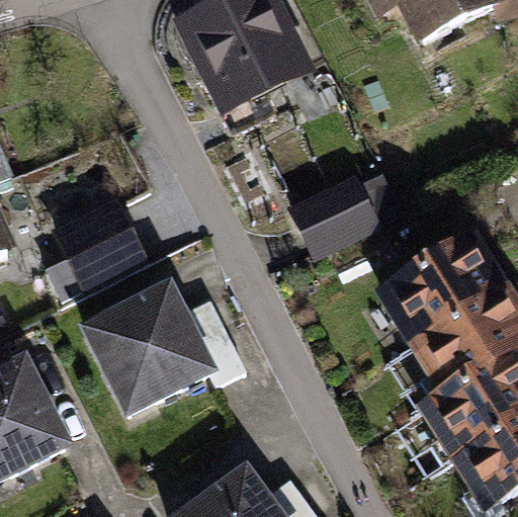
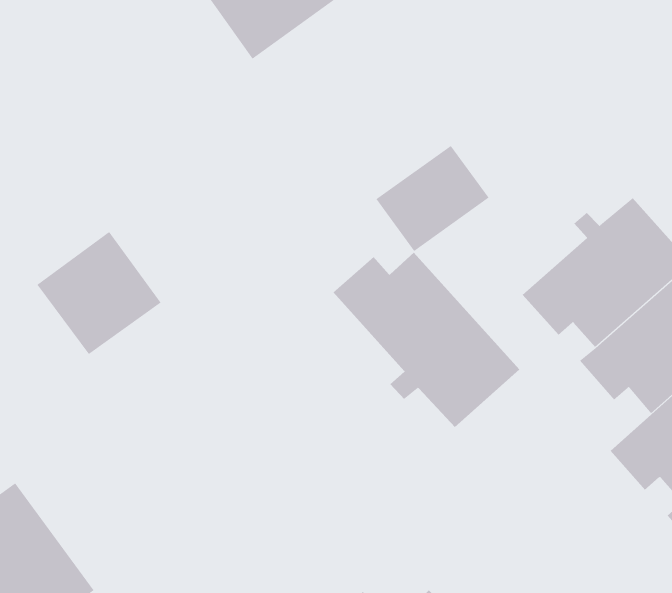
building: none -> [333,252,520,428]
building: [86,291,245,414] -> none

